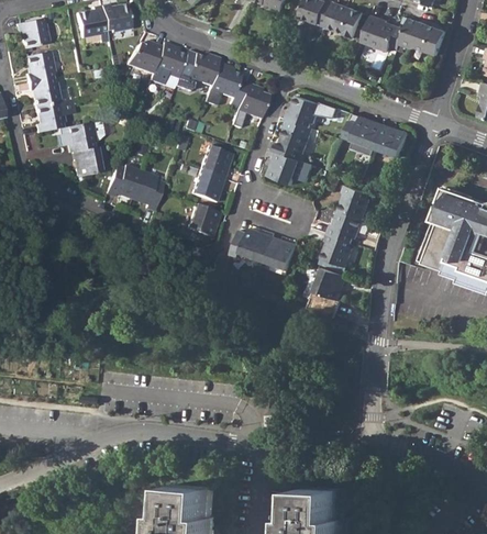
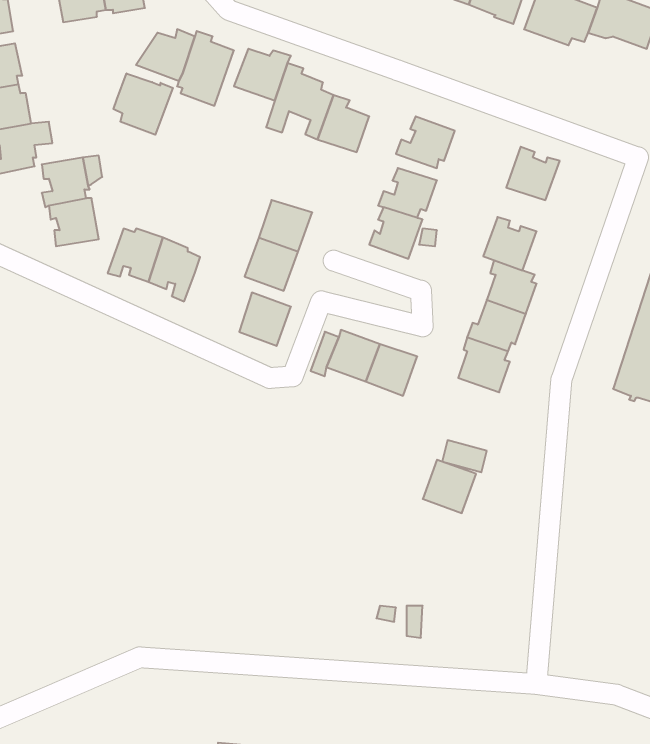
building: none -> [113,73,173,135]
building: [376,124,409,157] -> [483,217,537,270]
building: [316,267,348,300] -> [423,460,476,513]

